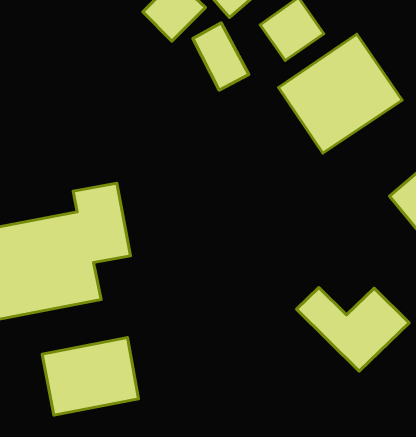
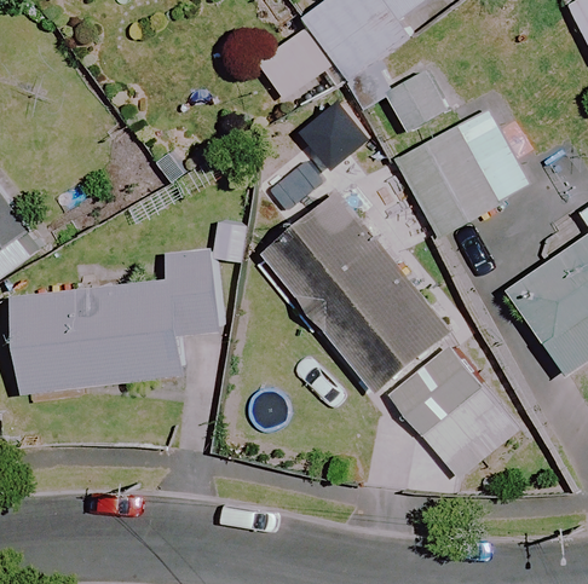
building: none -> [263,193,448,393]
building: [42,338,138,415] -> none

